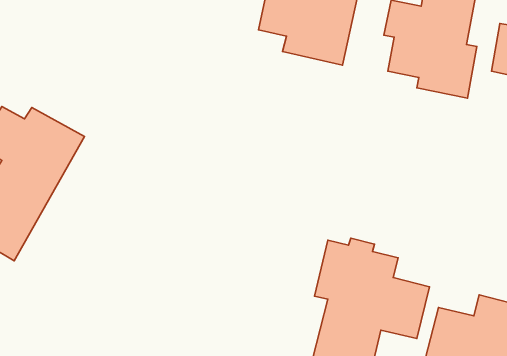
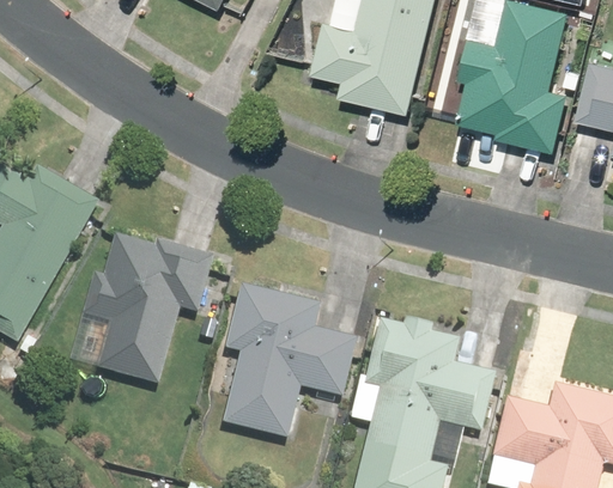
building: none -> [84,232,216,383]
building: none -> [224,282,359,437]

